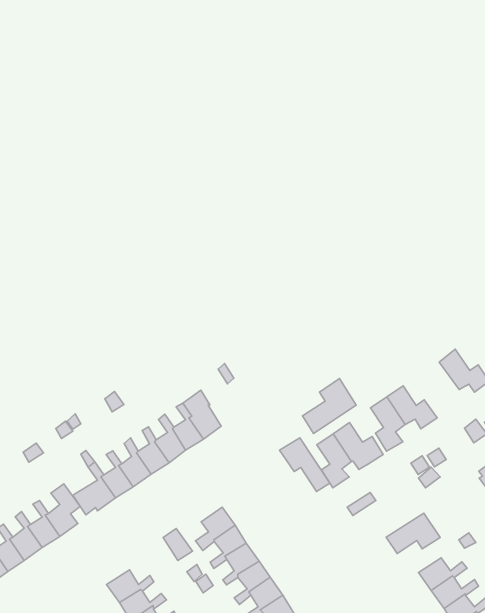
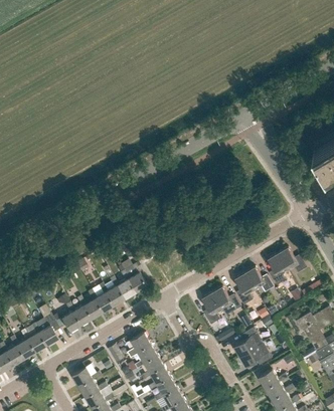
building: none -> [268,254,289,286]
building: [302,379,356,433] -> none
building: [280,438,330,491] -> none
building: none -> [233,328,264,357]

